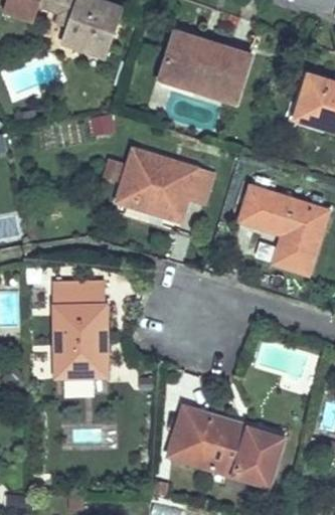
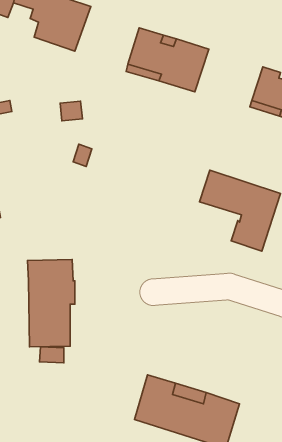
building: [117,149,211,219] -> none

